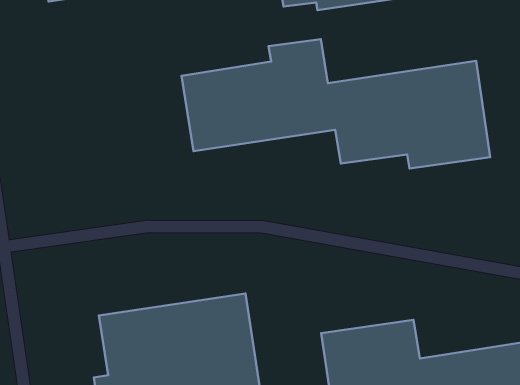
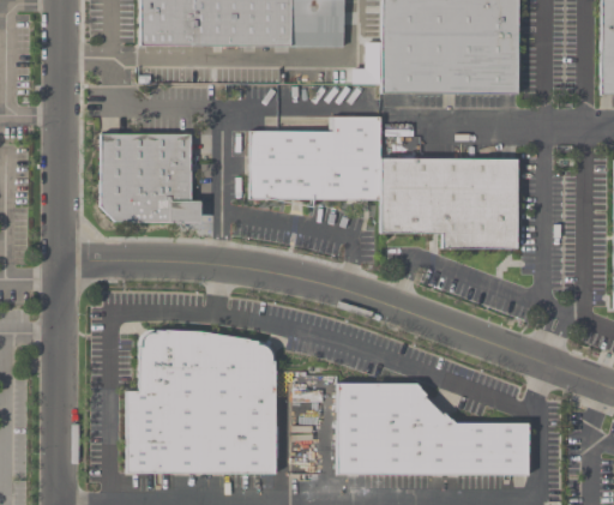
building: none -> [100,133,200,222]

